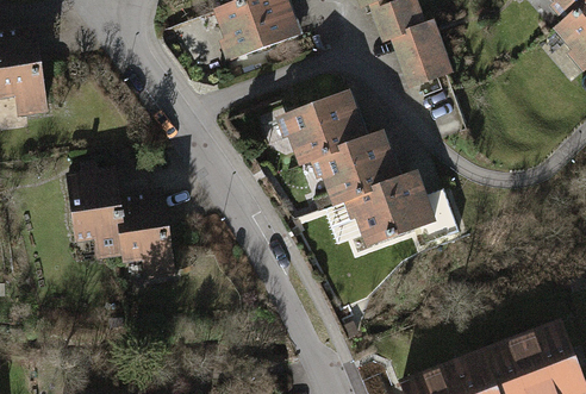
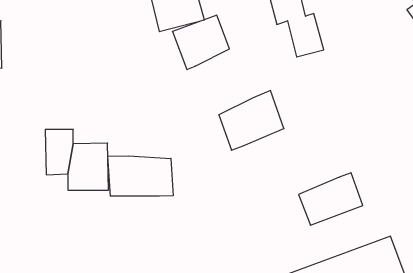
building: [287,100,362,171] -> [172,15,229,70]
building: [349,179,434,248] -> [299,173,363,225]
building: none -> [108,156,173,196]

